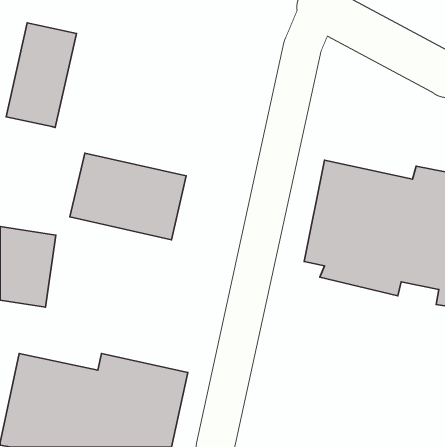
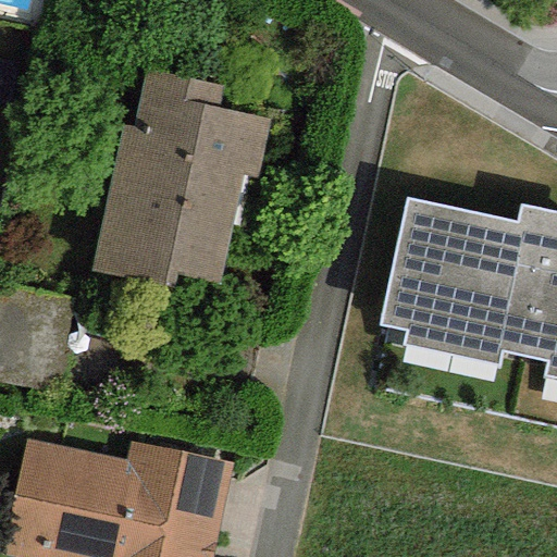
building: [6,23,76,127] -> none
building: none -> [108,69,270,219]

